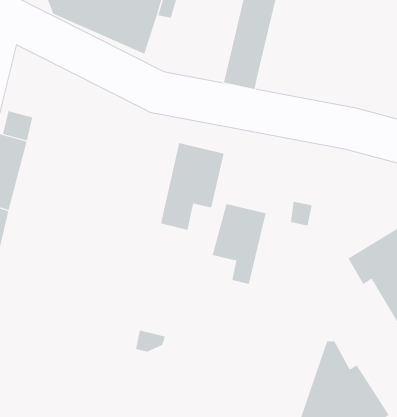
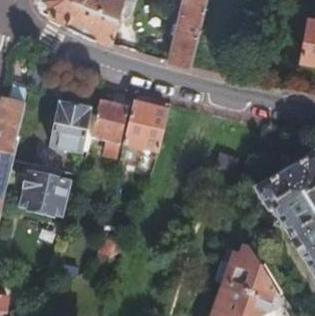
building: none -> [49,101,89,151]
building: [212,203,266,284] -> [91,97,130,155]
building: none -> [20,171,67,214]

